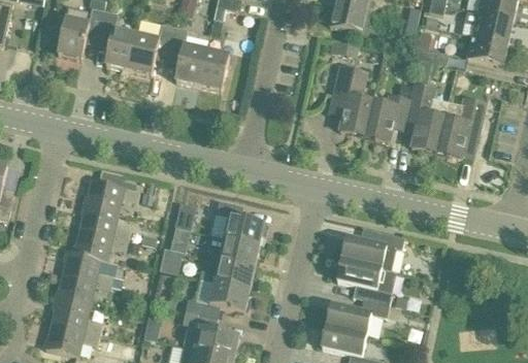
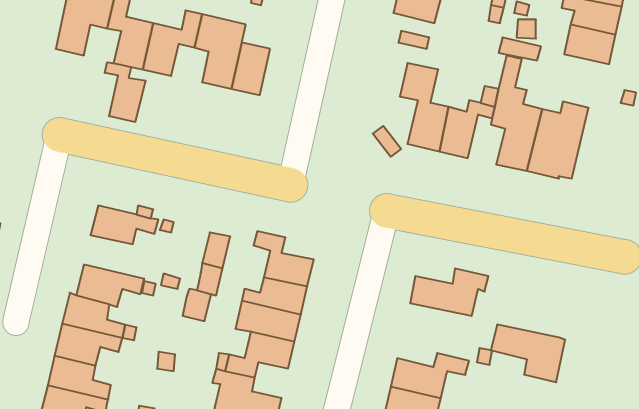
building: none -> [105,62,146,122]
building: [79,204,130,239] -> none
building: [336,259,396,305] -> [491,325,565,382]

